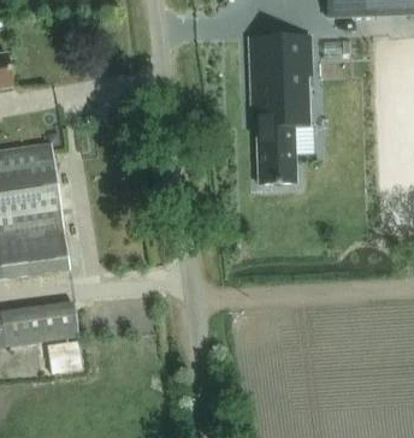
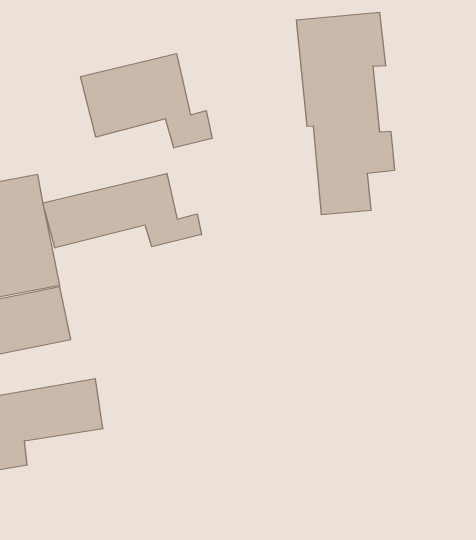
building: none -> [81,54,212,148]
building: none -> [43,173,202,248]

